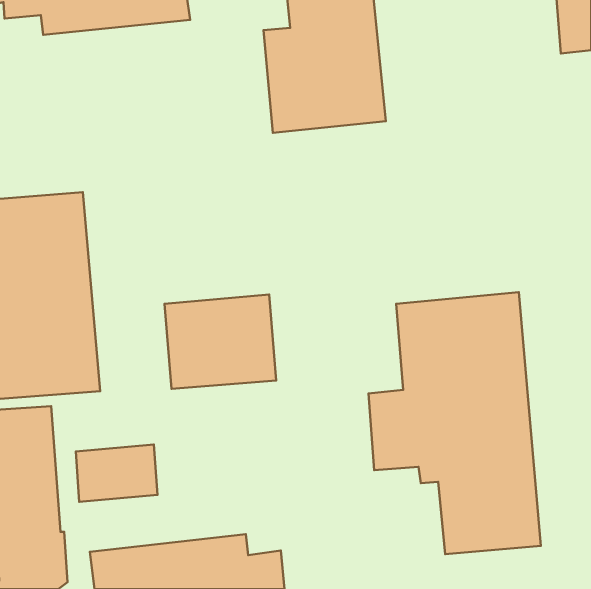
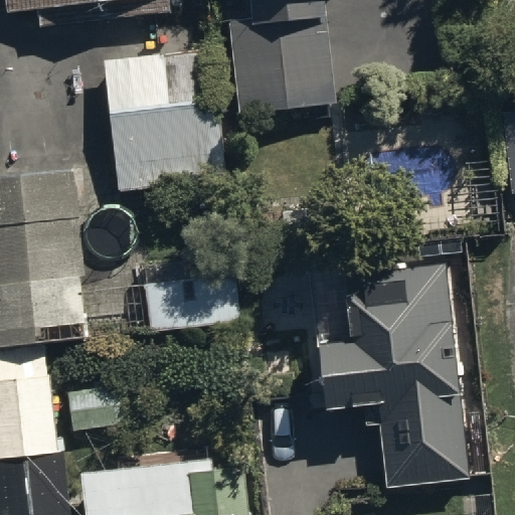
building: none -> [102,56,226,211]

